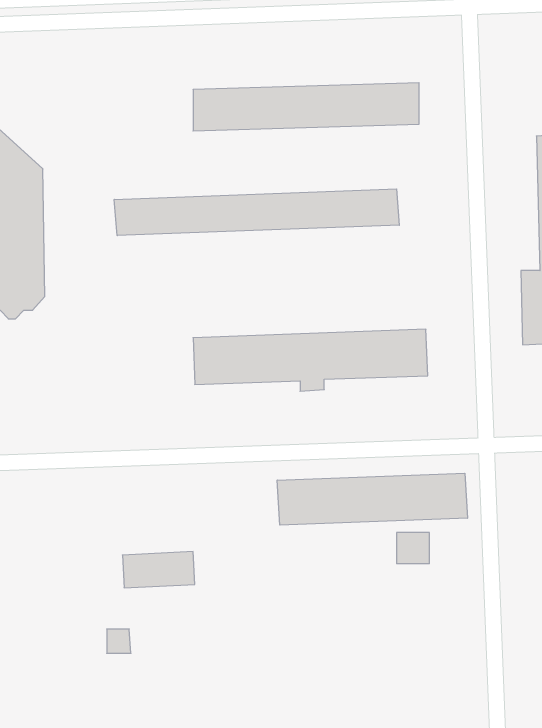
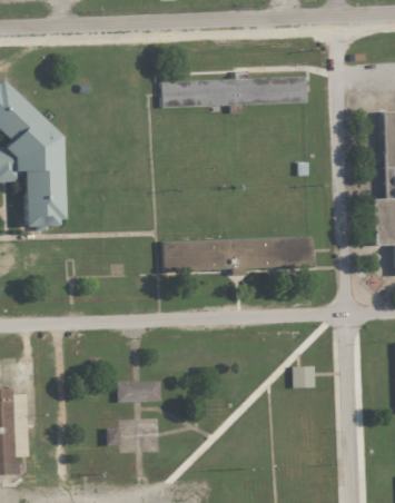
building: [114,189,399,236] -> none
building: [277,473,467,525] -> none

